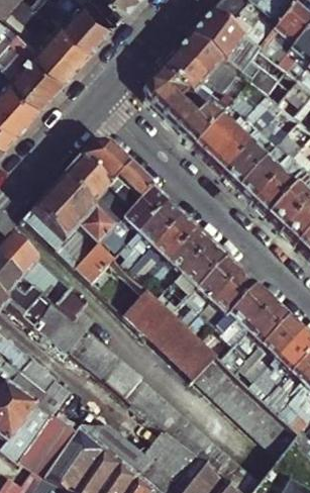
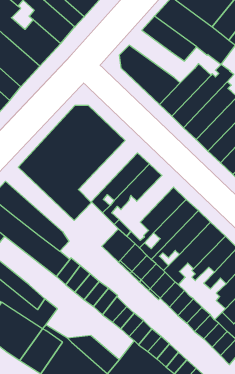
building: [159,54,237,117] -> none
building: [97,187,169,262] -> none
building: [157,229,212,286] -> none

